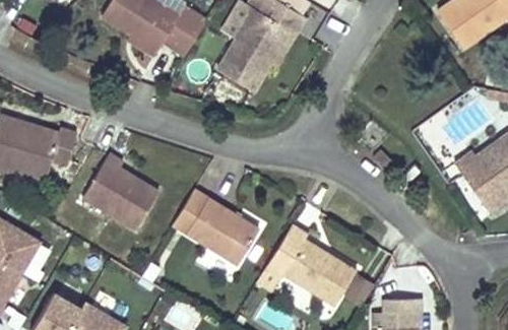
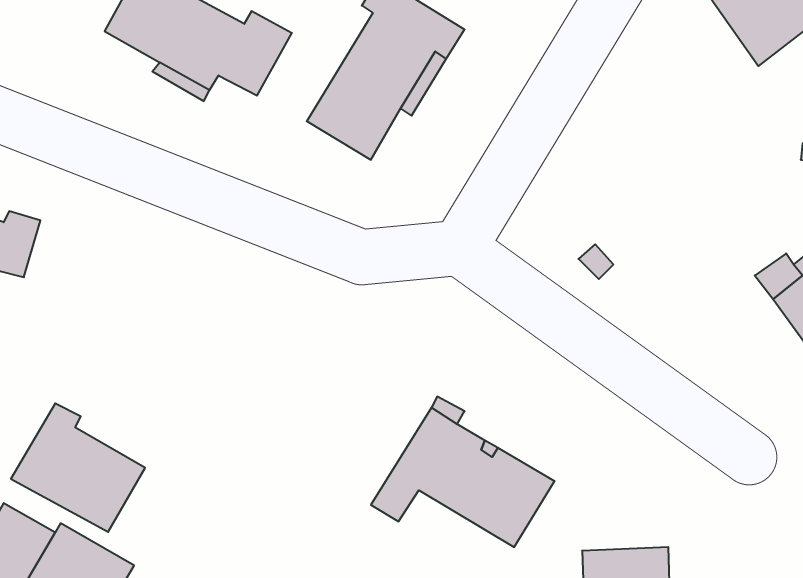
building: [83,155,157,226] -> [11,403,145,532]
building: [173,189,260,262] -> none

